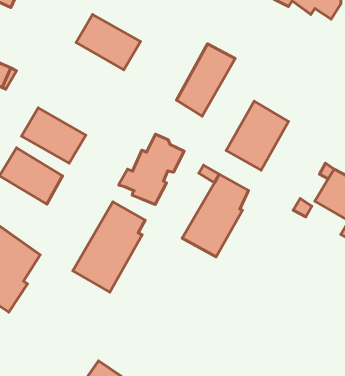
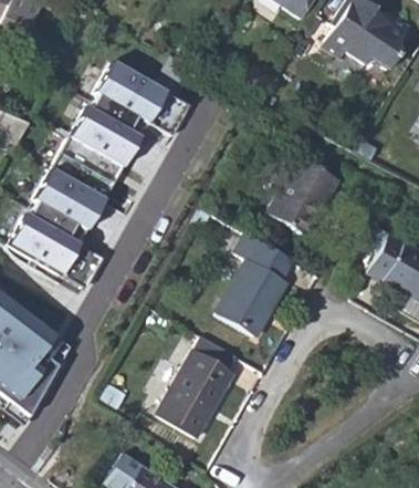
building: [176,44,235,116] -> none
building: none -> [72,105,144,168]
building: [119,134,184,205] -> none
building: [73,202,145,292] -> [156,335,238,438]

